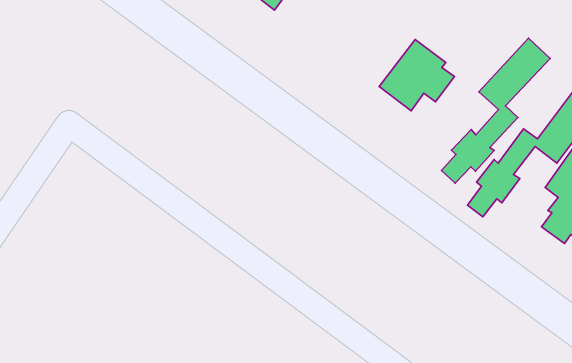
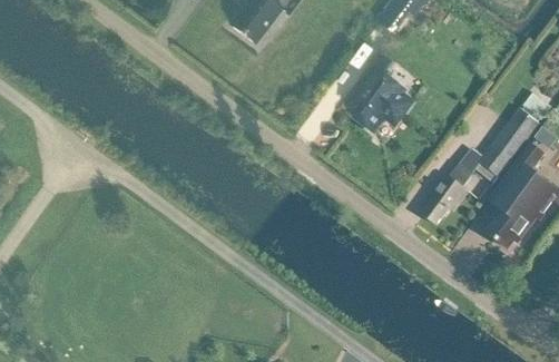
building: [442,38,550,183] -> none

